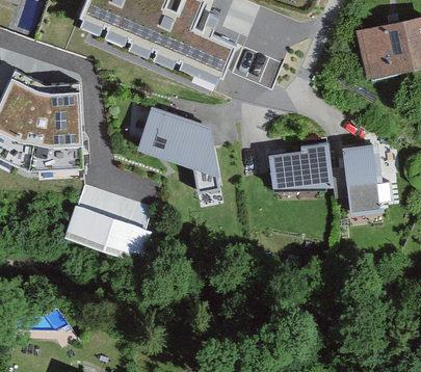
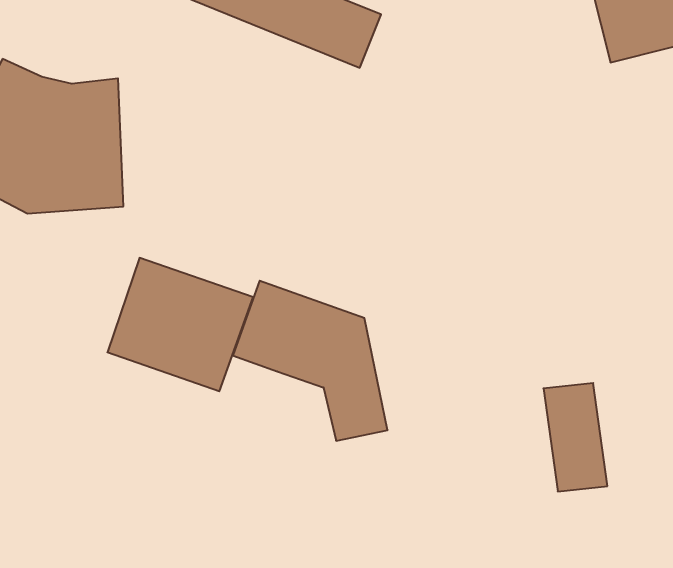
building: [133,105,223,198] -> [233,281,388,441]
building: [271,143,337,189] -> none
building: [343,148,380,211] -> [543,383,607,491]

